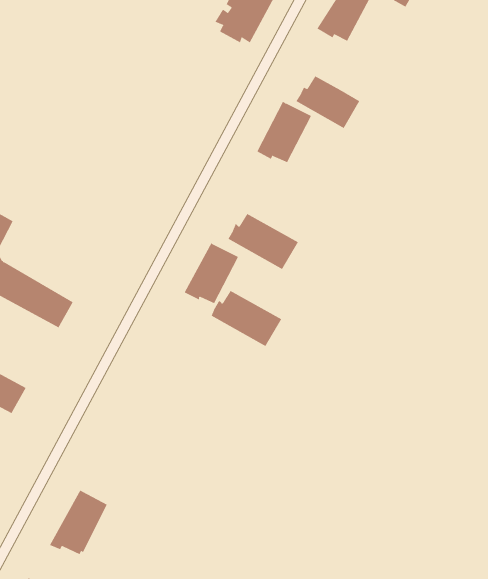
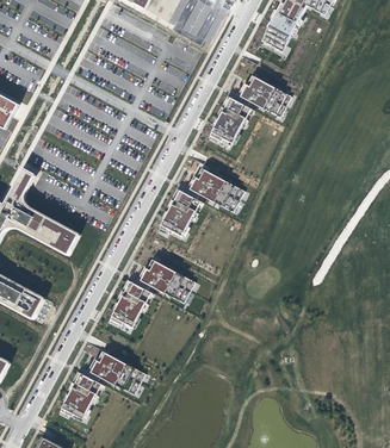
building: [211,290,282,347] -> [142,261,194,303]
building: none -> [110,281,151,326]
building: none -> [92,353,144,394]

